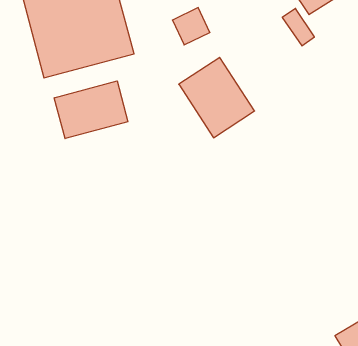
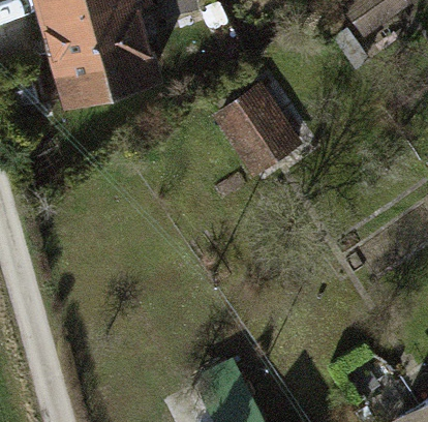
building: [54,81,128,139] -> none

